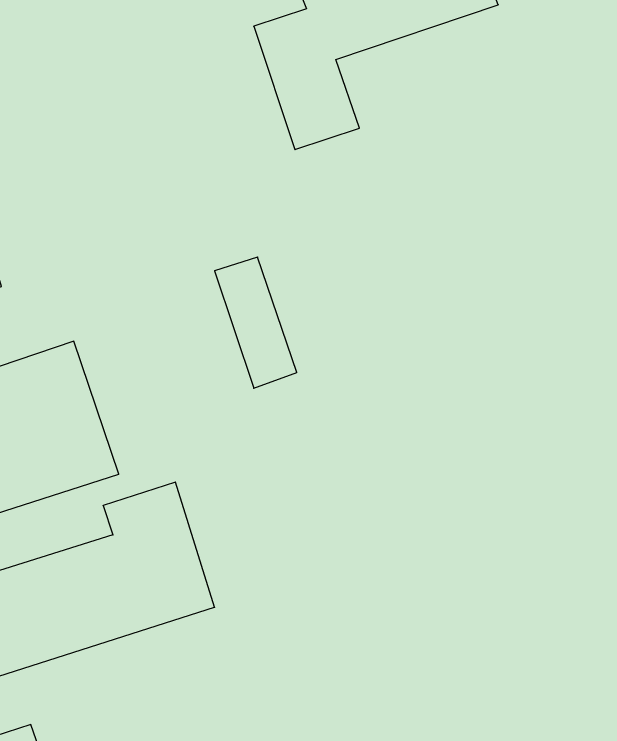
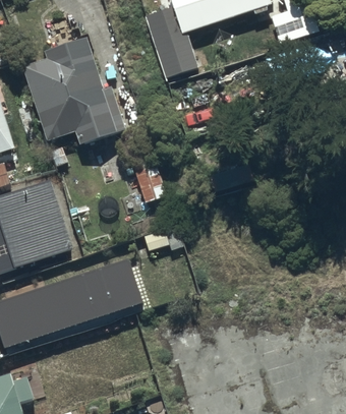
building: none -> [21,34,127,145]

